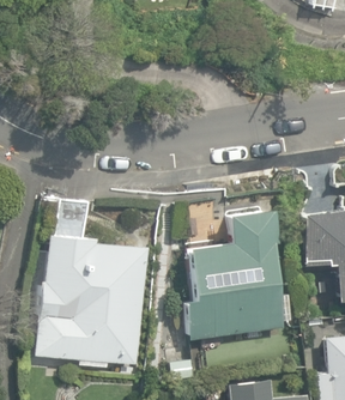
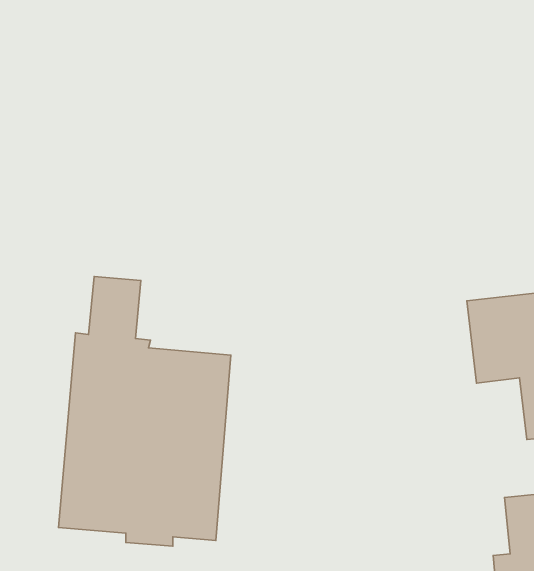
building: [186,211,285,339] -> none

